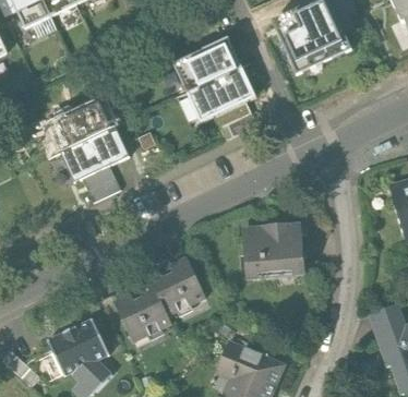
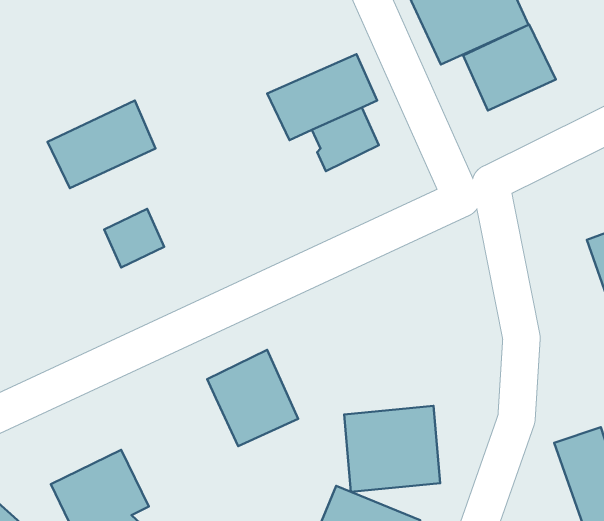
building: [172,37,242,92] -> none
building: none -> [463,24,556,111]
building: [60,127,129,181] -> none
building: [242,222,303,277] -> [344,406,440,492]
building: [115,285,171,341] -> none

